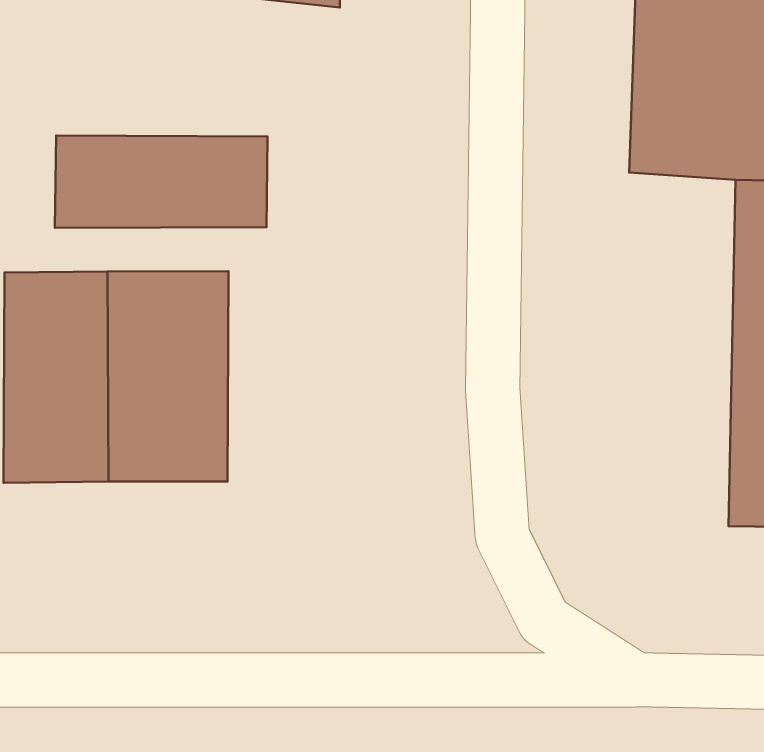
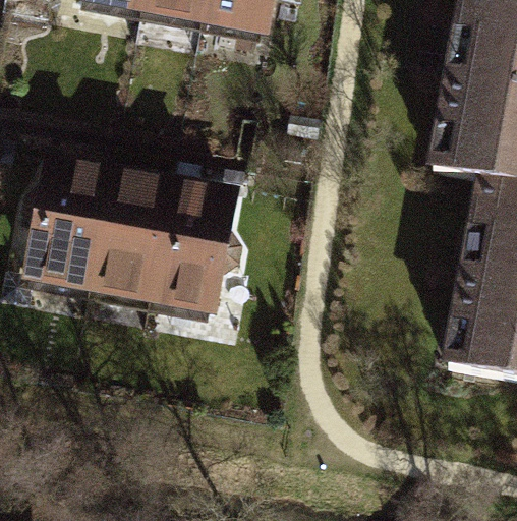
building: [55,136,268,228] -> none
building: none -> [159,180,234,311]

